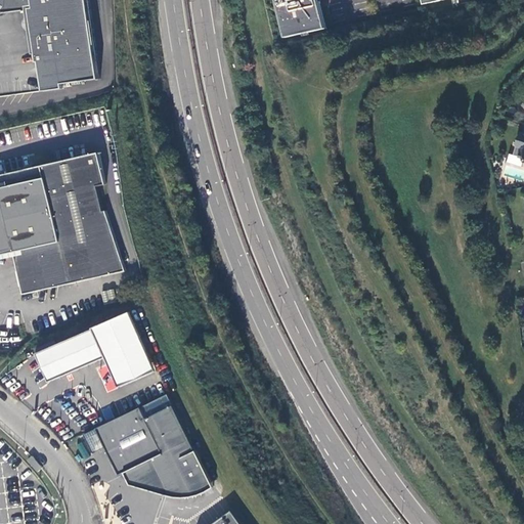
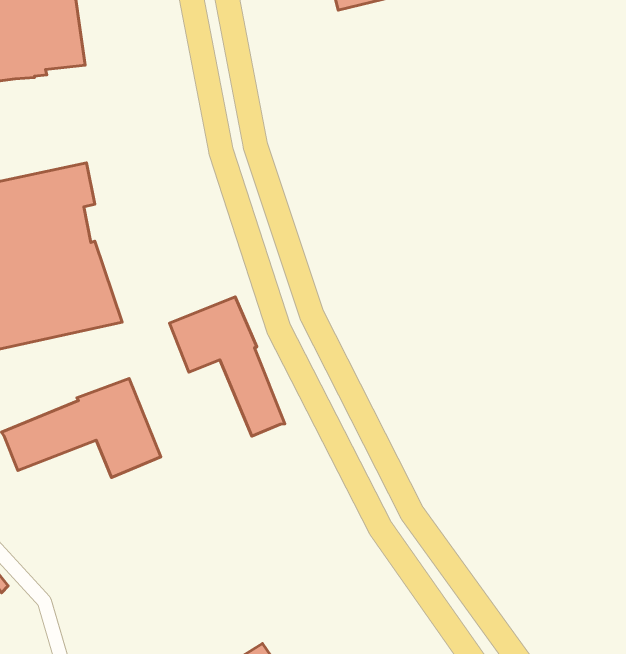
building: none -> [170,297,285,436]
building: [92,404,209,495] -> none

